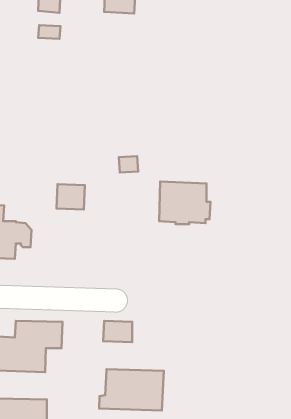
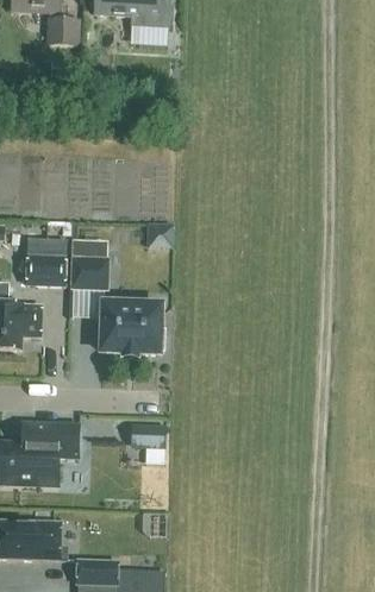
building: none -> [25,237,68,284]
building: [159,182,211,224] -> [101,301,164,353]
building: [99,369,164,411] -> none

